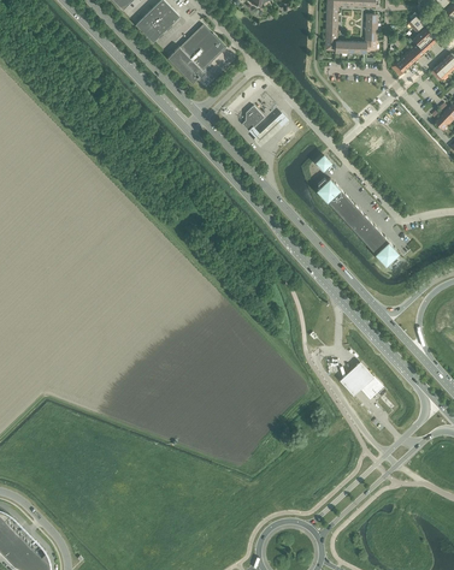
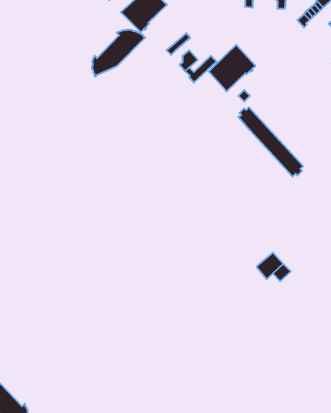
building: none -> [92,30,145,77]
building: none -> [209,45,255,92]

